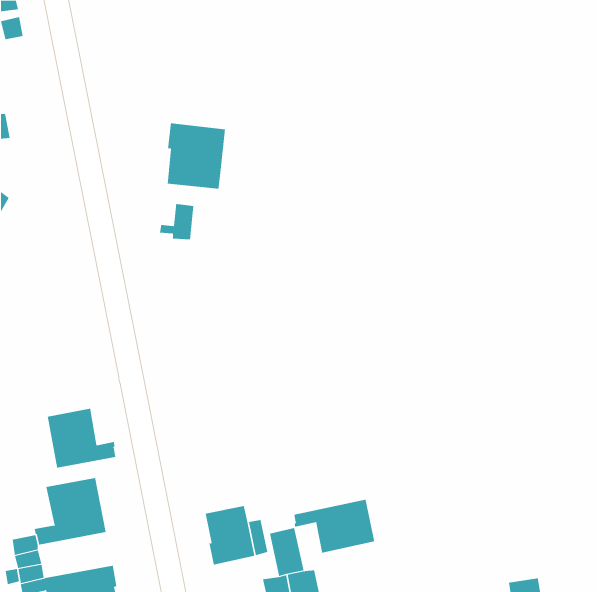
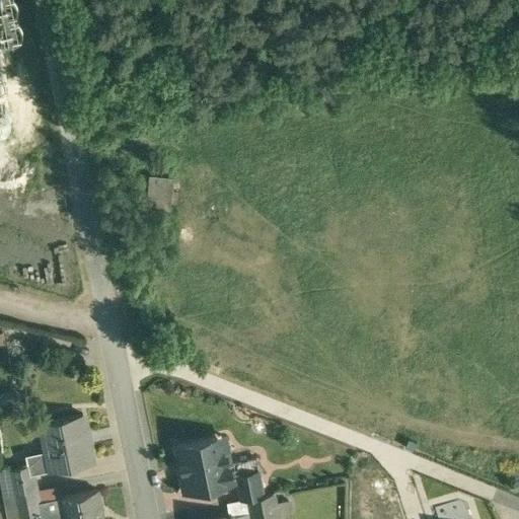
building: [167,123,225,190] -> none
building: [47,408,116,468] -> none
building: [294,499,375,553] -> none

